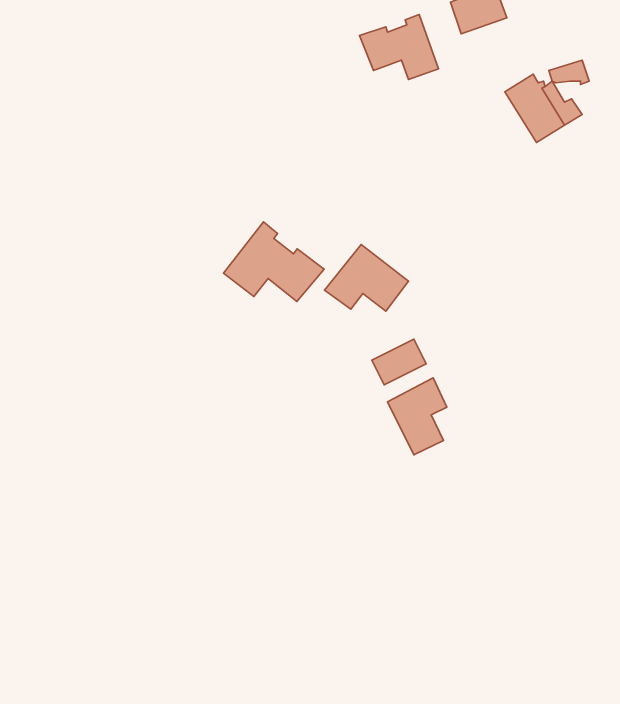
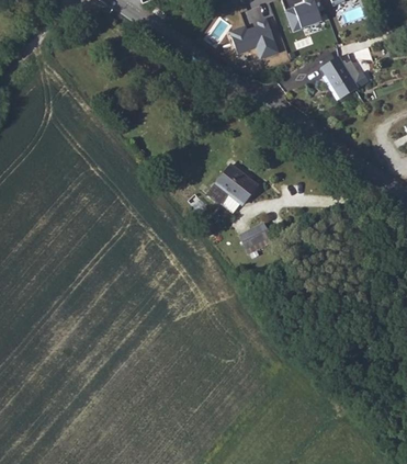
building: [224,222,324,302] -> none
building: [387,378,447,455] -> none

